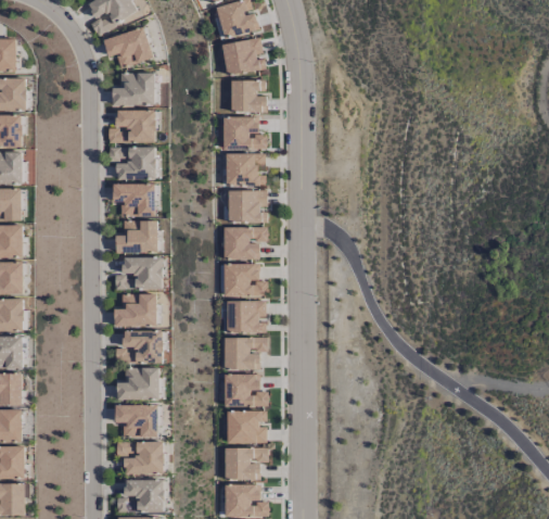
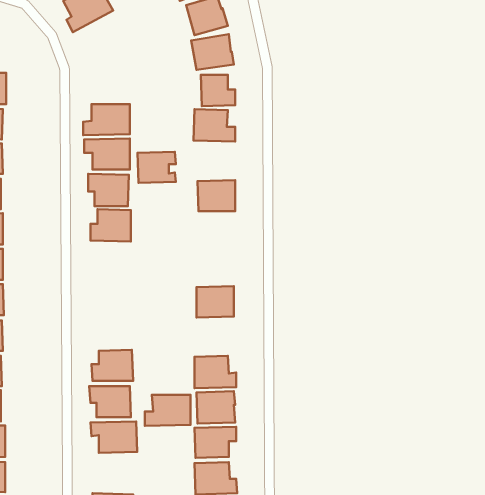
building: [102,27,153,68] -> none
building: [112,73,154,105] -> none
building: [225,153,265,186] -> [137,152,176,183]
building: [222,227,267,260] -> none
building: [114,257,163,290] -> none
building: [222,264,266,296] -> none
building: [114,294,156,327] -> none
building: [114,330,163,364] -> none
building: [224,337,266,369] -> none
building: [116,480,164,512] -> [145,395,191,426]

